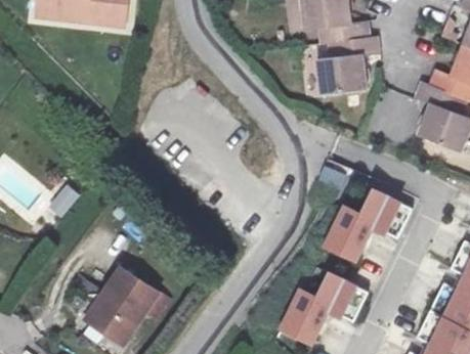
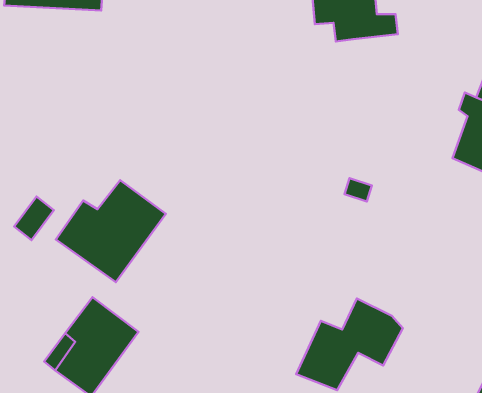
building: [311,44,370,106] -> none
building: none -> [56,180,166,282]
building: [326,179,415,257] -> none

